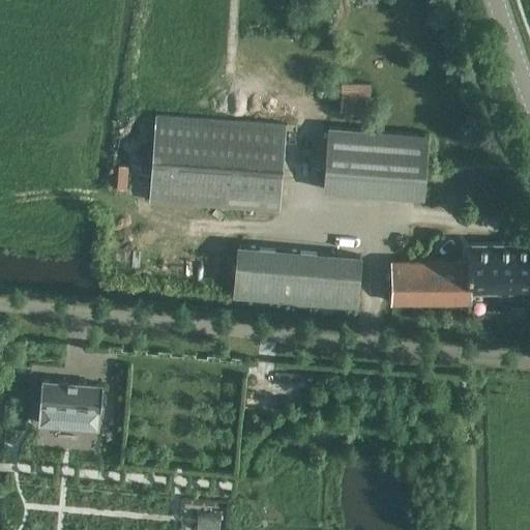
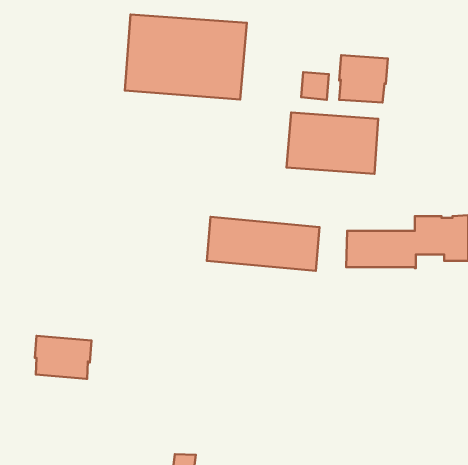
building: none -> [339,55,388,103]
building: [149,118,287,214] -> [125,15,247,100]

